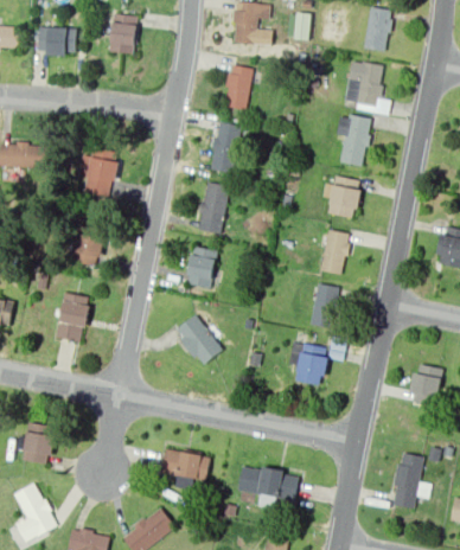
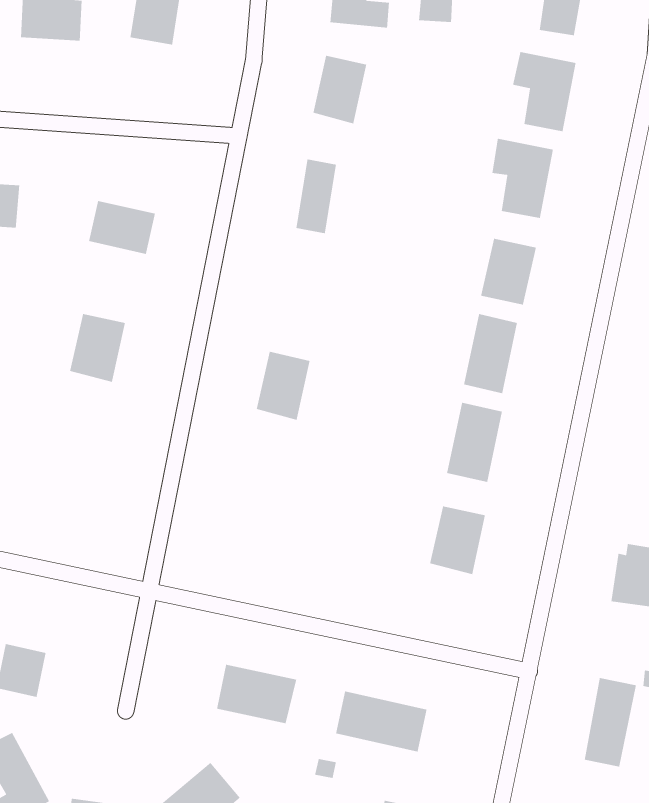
building: [197,183,229,239] -> none
building: [53,300,88,344] -> none
building: [173,313,222,366] -> none

